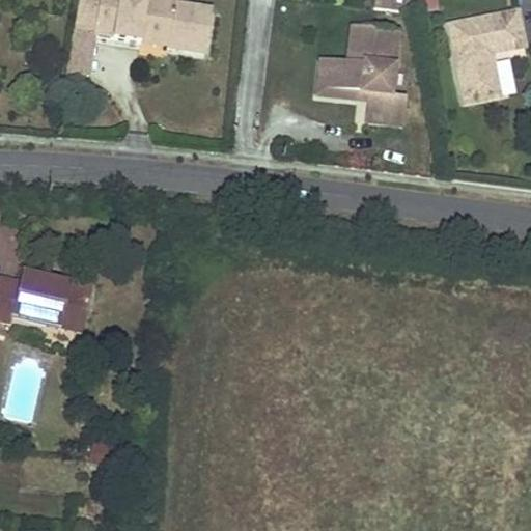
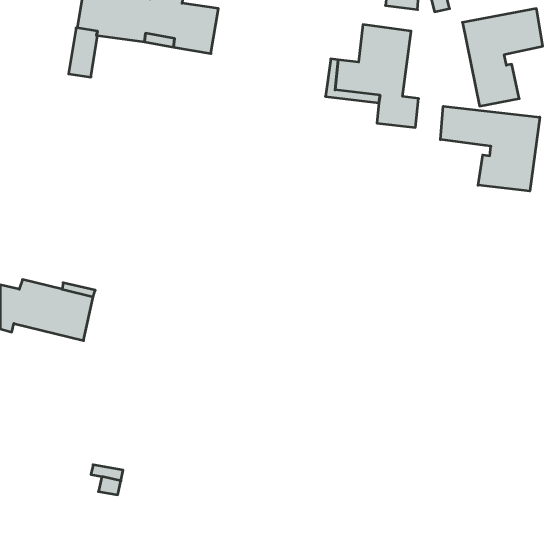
building: none -> [440,106,540,191]

